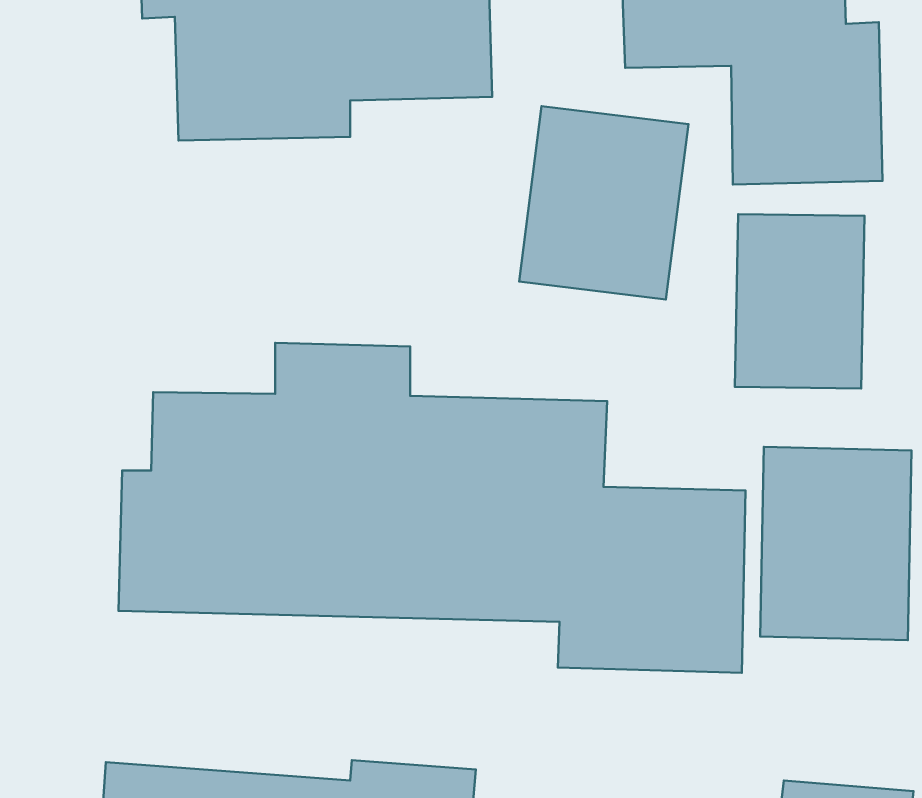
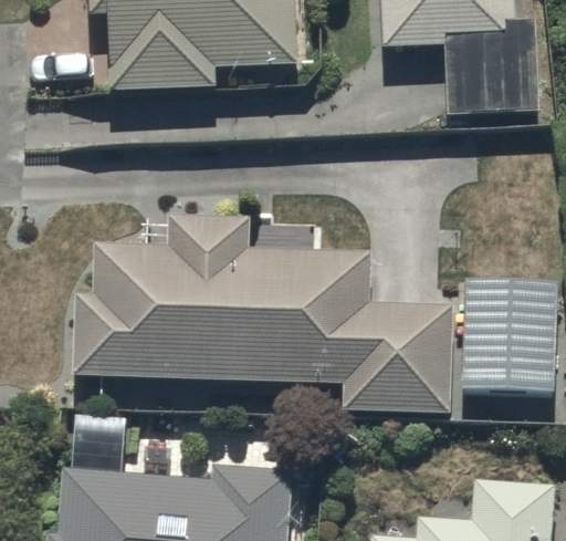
building: [519,106,689,300] -> none
building: [735,214,864,389] -> none

